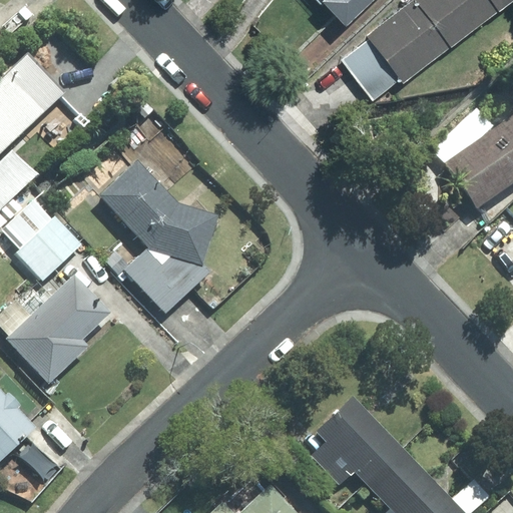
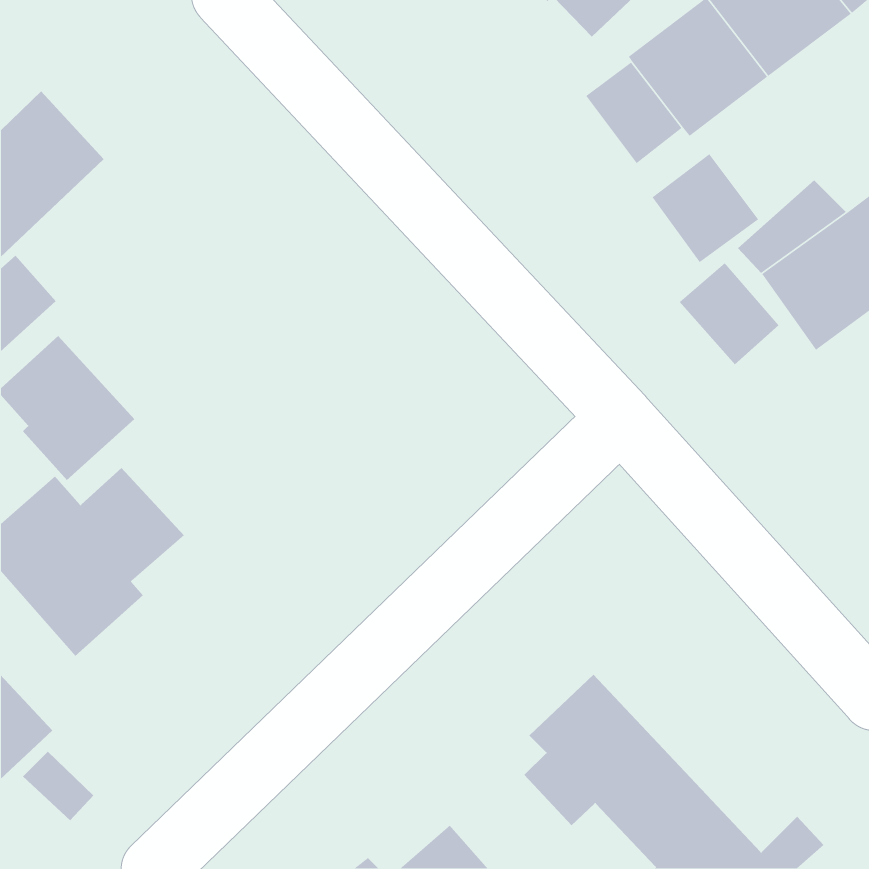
building: none -> [652,153,759,263]
building: none -> [679,262,779,365]
building: [98,161,219,316] -> none

